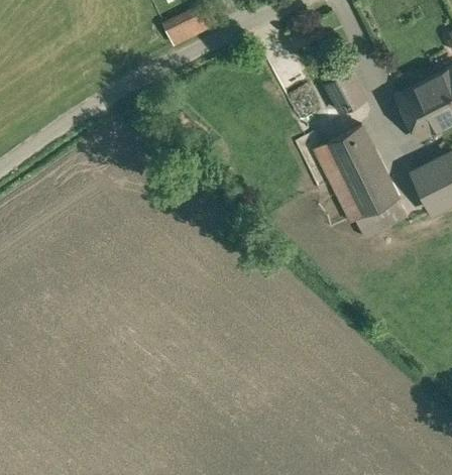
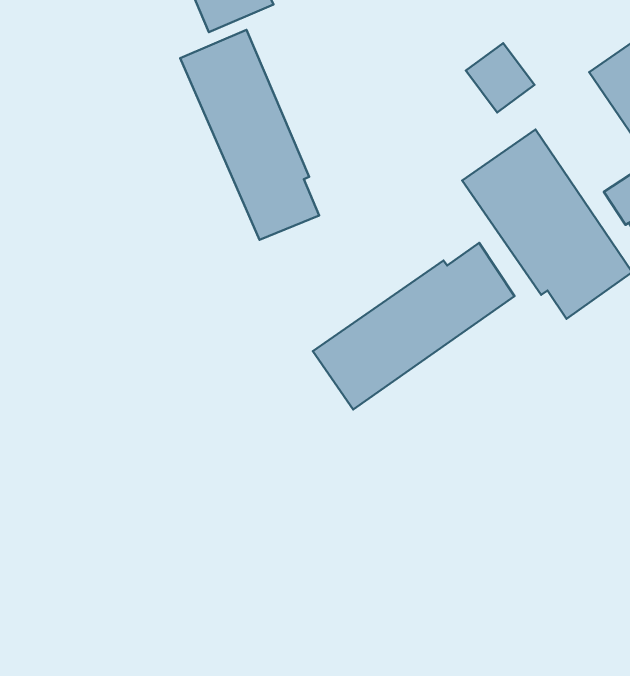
building: none -> [180,30,319,240]
building: none -> [313,243,514,410]

